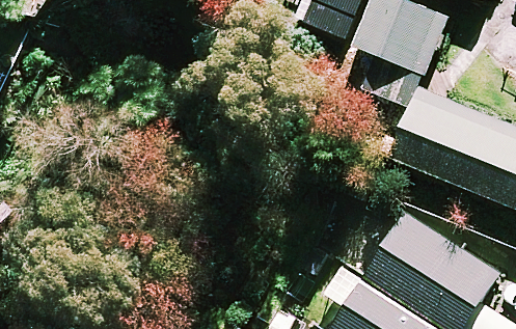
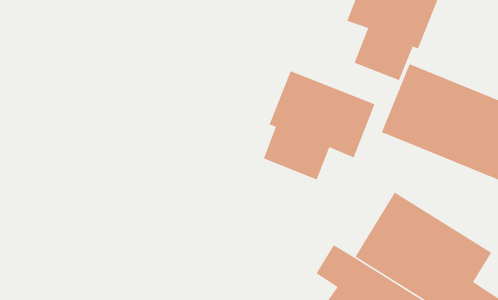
building: none -> [263,70,376,180]

